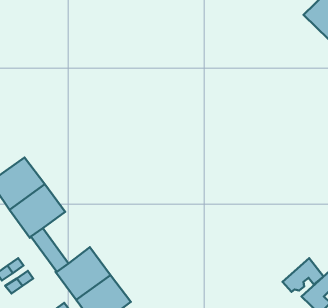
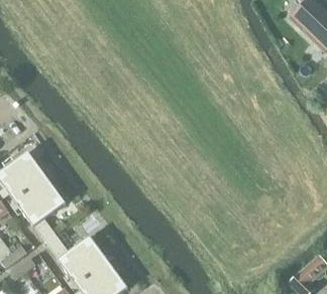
building: [283,258,324,292] -> none

